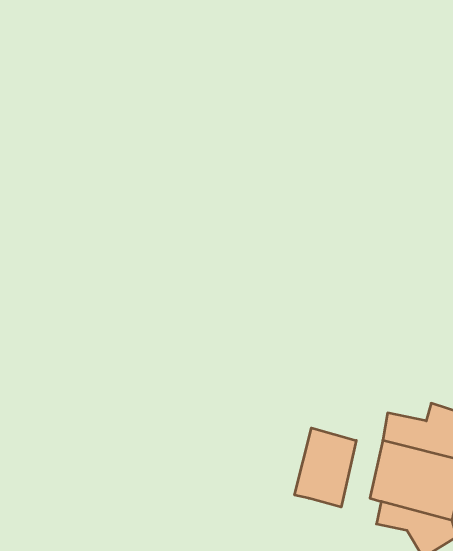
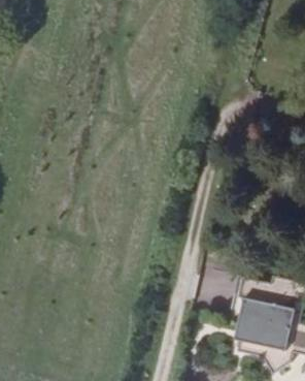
building: [295,428,356,507] -> none

